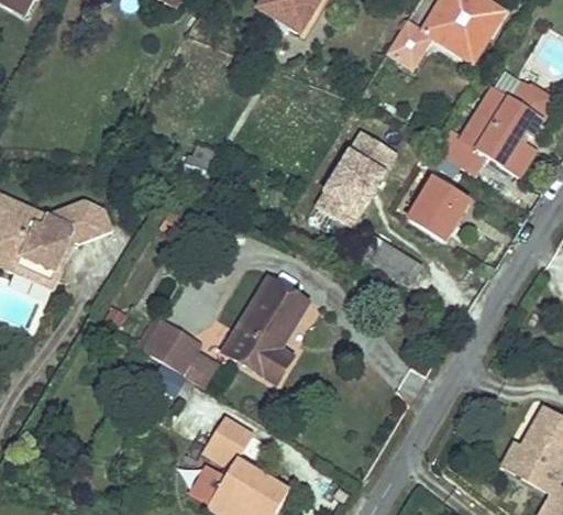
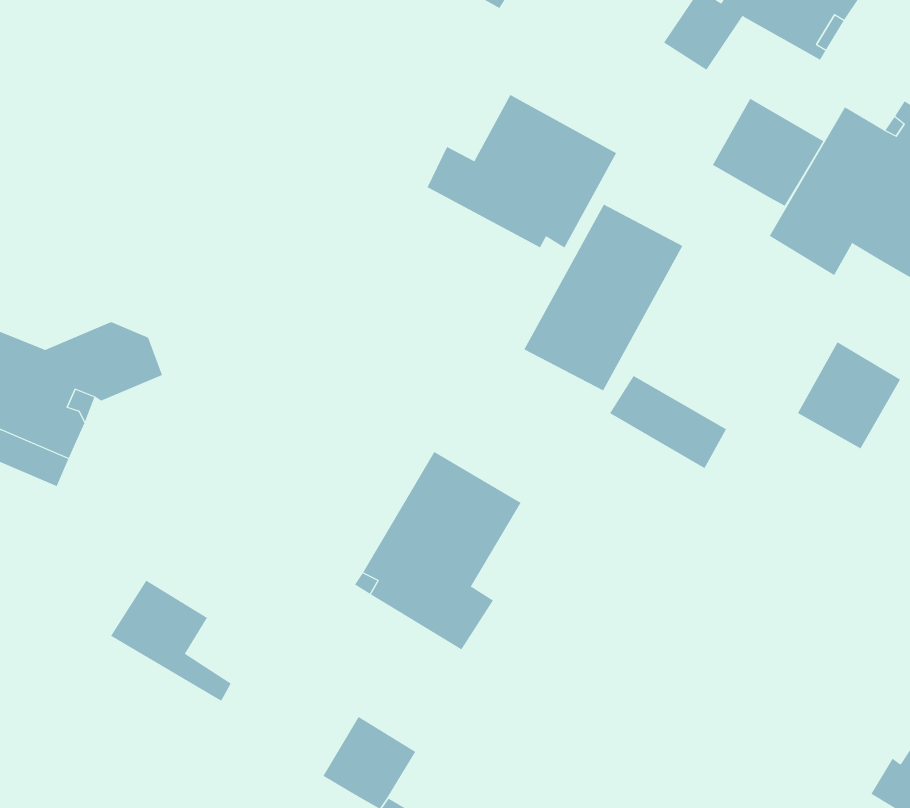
building: none -> [427,94,617,248]
building: none -> [712,98,824,206]
building: [412,174,470,233] -> [797,342,901,449]
building: [139,317,206,384] -> [110,580,232,701]

